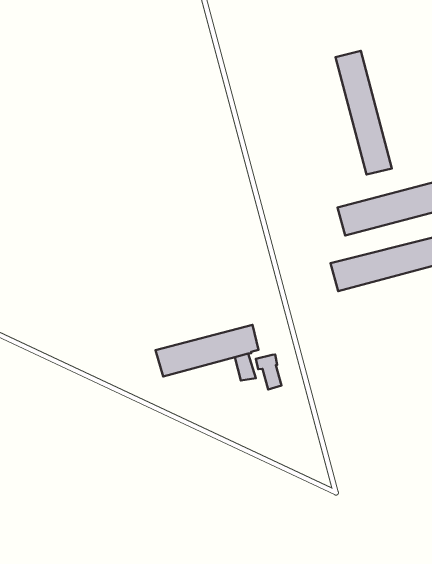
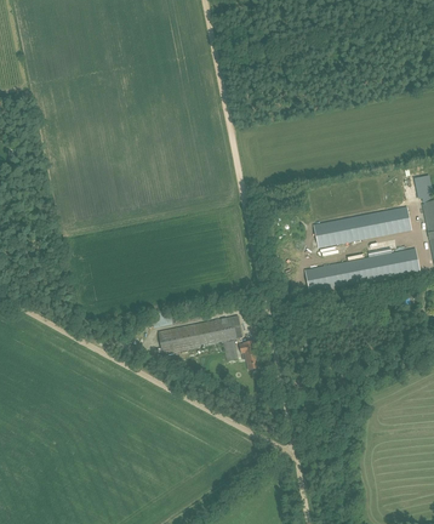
building: [336,51,392,175] -> none

